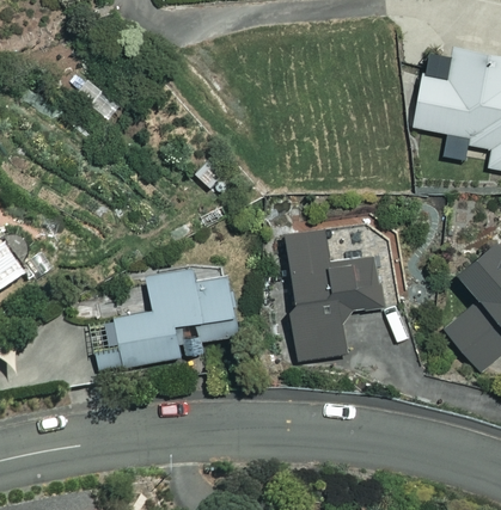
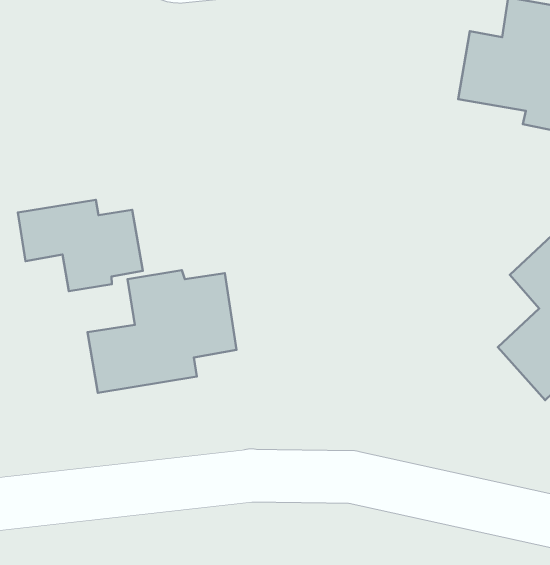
building: none -> [18,200,143,291]
building: [287,228,380,361] -> none

